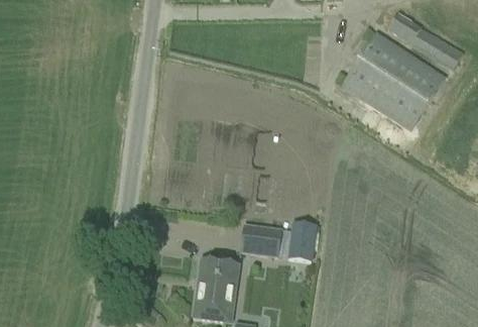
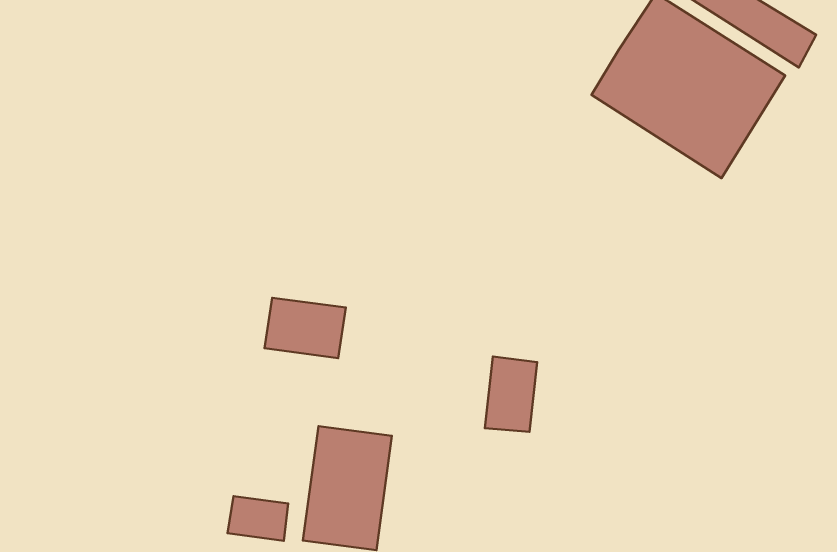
building: [241,224,283,255] -> [264,298,346,358]
building: none -> [228,496,288,541]

